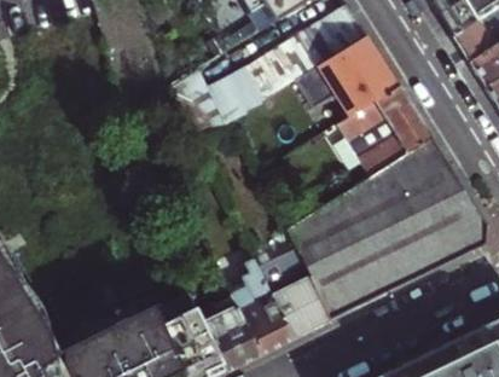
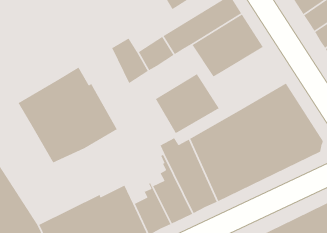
building: [337,87,435,179] -> [155,73,220,134]
building: none -> [17,66,118,164]

